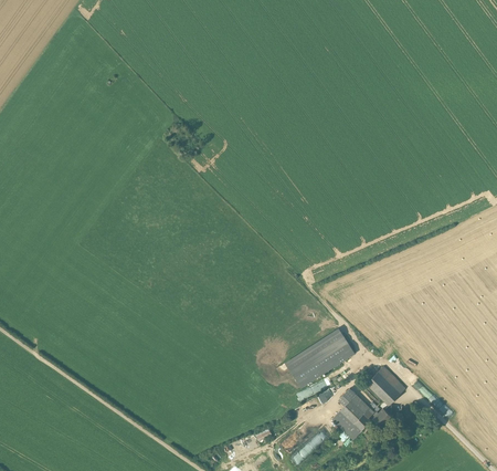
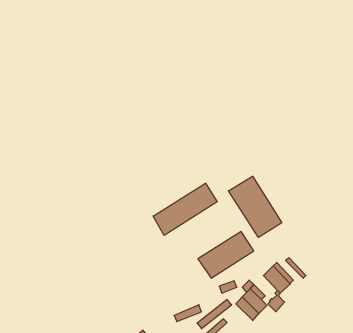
building: none -> [228,176,282,237]
building: none -> [153,183,217,235]

